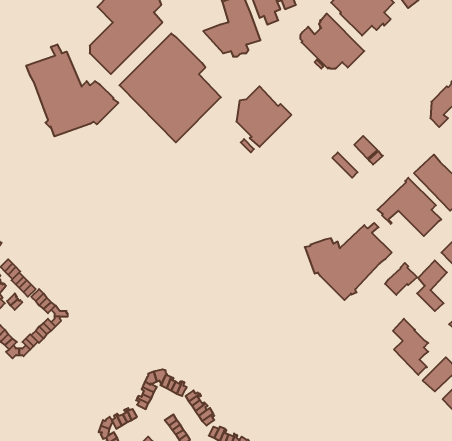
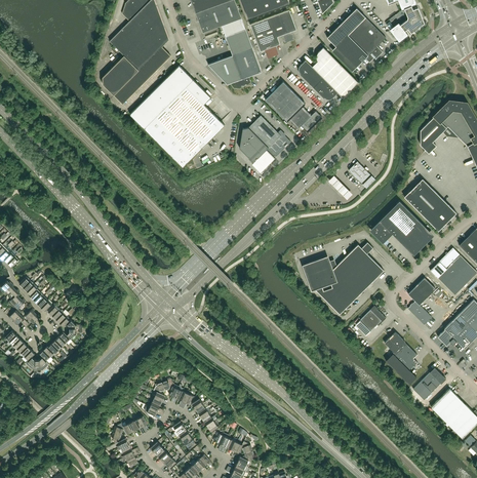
building: [26,44,118,136] -> none
building: none -> [265,82,322,133]
building: [385,263,417,295] -> [356,306,386,335]

